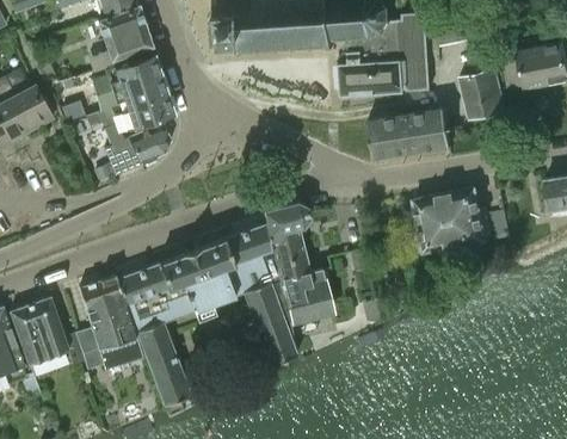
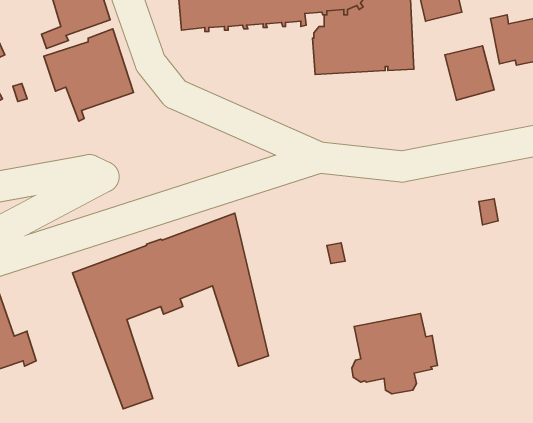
building: [87,109,171,174] -> none
building: [368,109,450,160] -> none
building: [412,188,491,262] -> [352,314,437,394]
building: [264,204,332,323] -> none
building: [75,276,142,370] -> none

